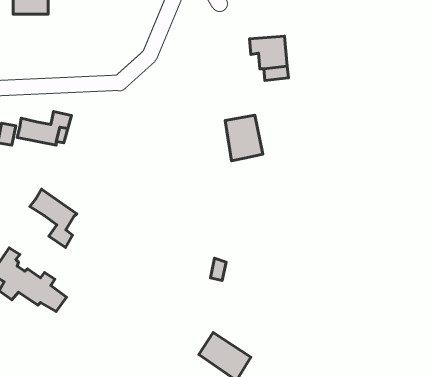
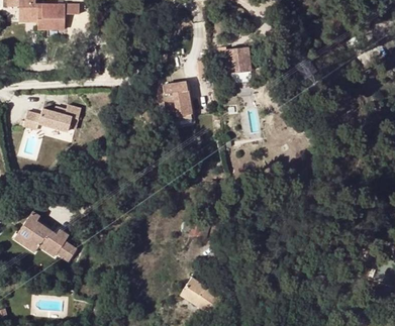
building: [225,115,263,161] -> [163,82,192,117]
building: [30,189,77,247] -> none

